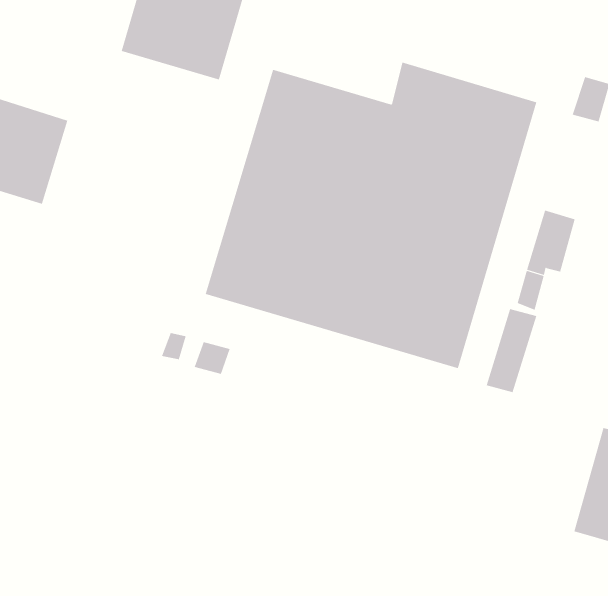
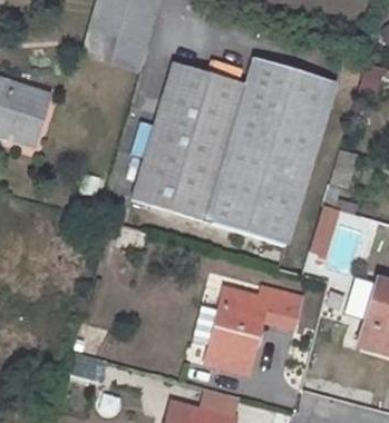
building: none -> [205,286,303,374]

